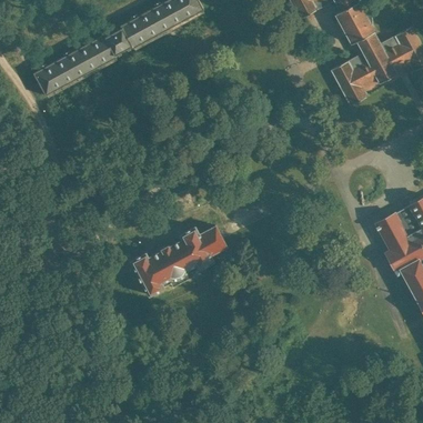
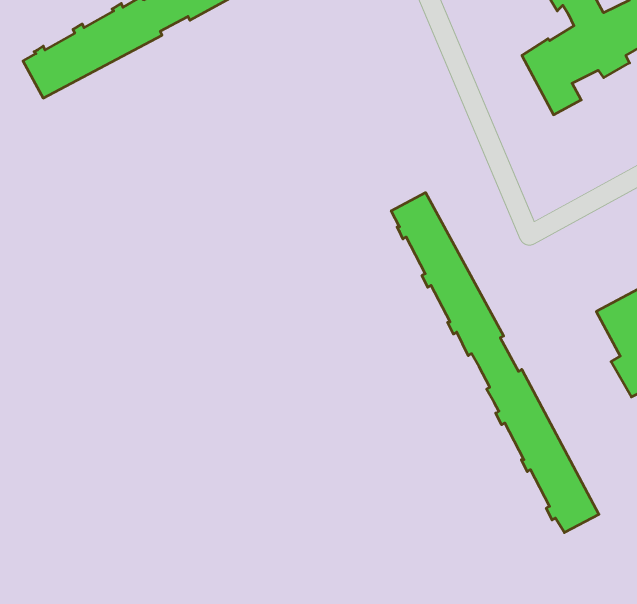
building: none -> [391,193,599,533]
building: [131,226,226,296] -> none

